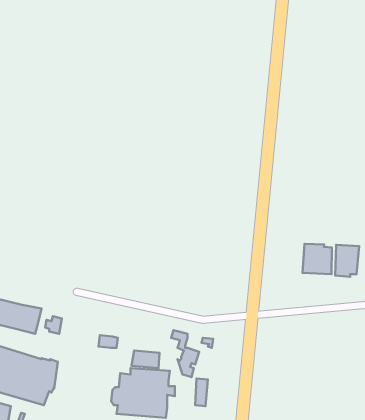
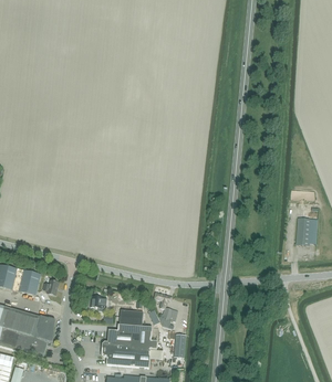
building: [303,244,332,274] -> none

